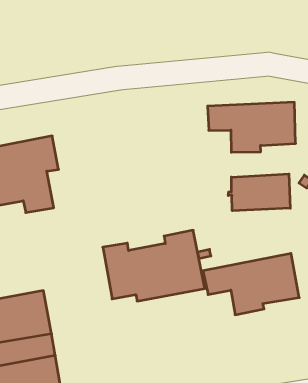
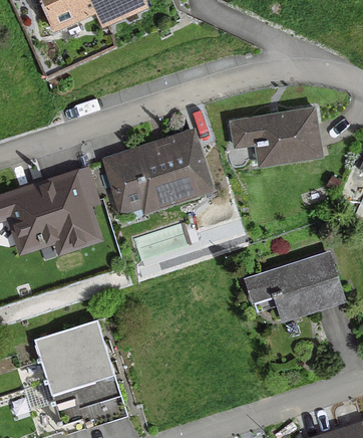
building: [228,174,290,211] -> none
building: [103,230,205,301] -> [106,134,209,209]

